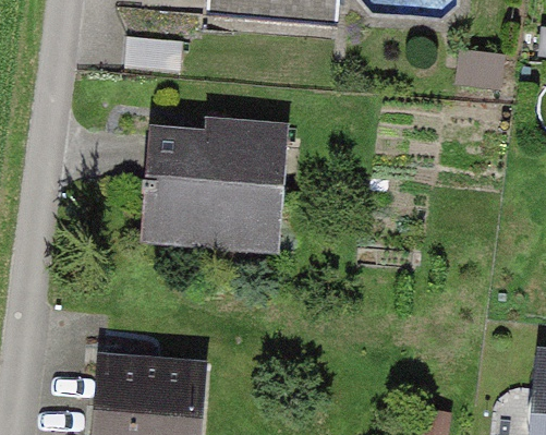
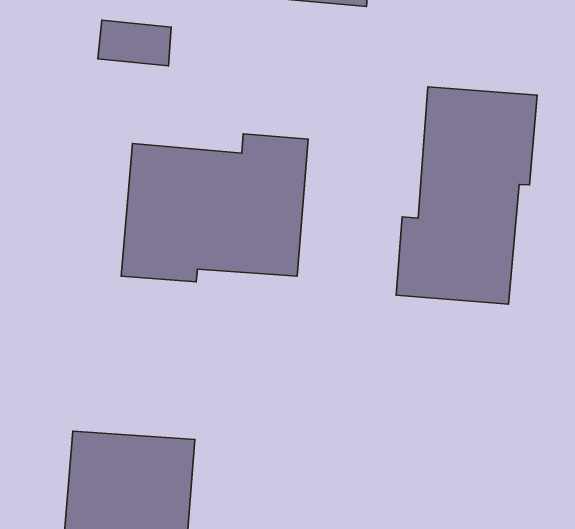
building: none -> [396,87,537,304]

